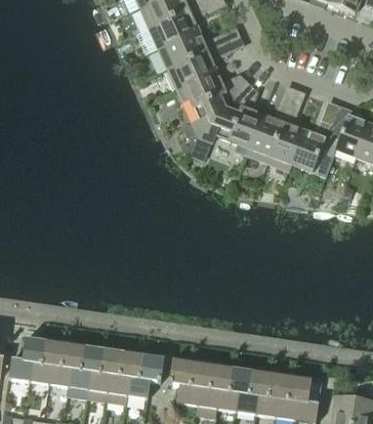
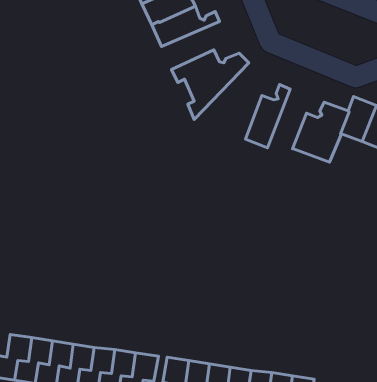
building: [167,43,225,88] -> none
building: [198,82,261,154] -> none
building: [266,107,303,170] -> none

